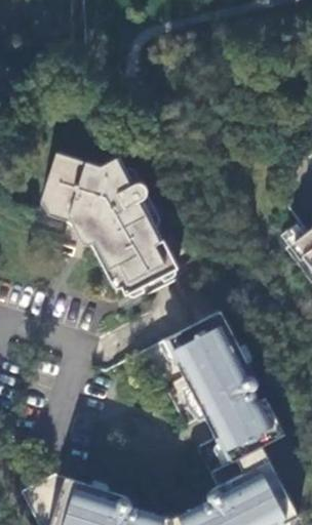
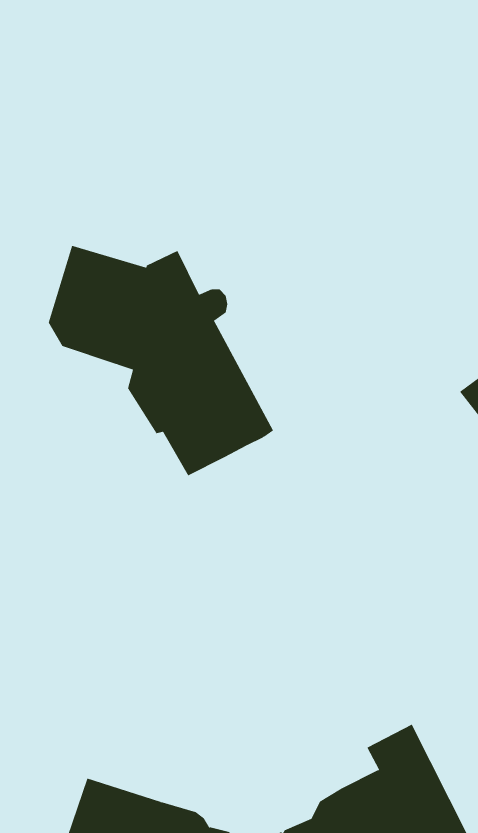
building: [162,310,285,465] -> none

